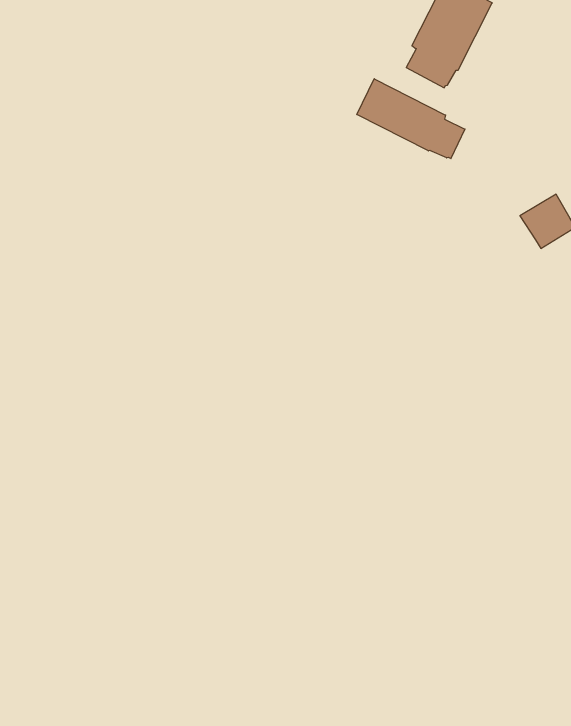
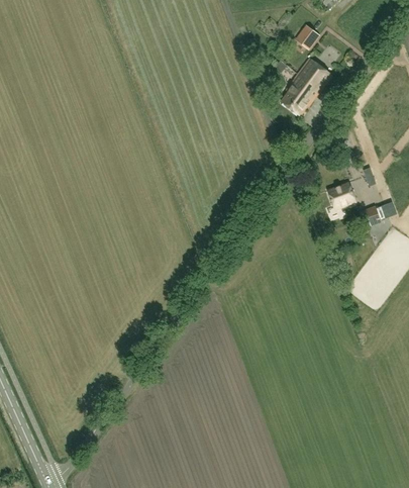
building: [357,79,465,159] -> none

